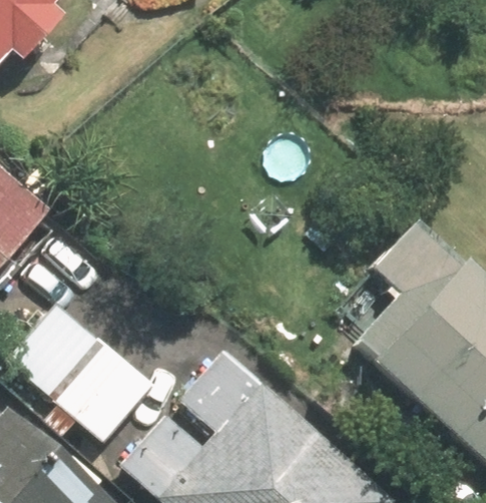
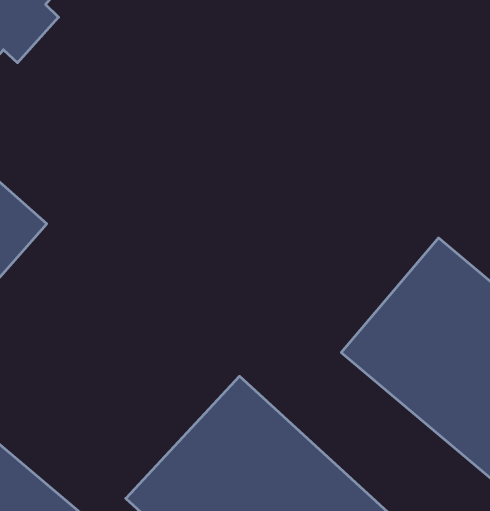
building: [10,307,153,443] -> none

